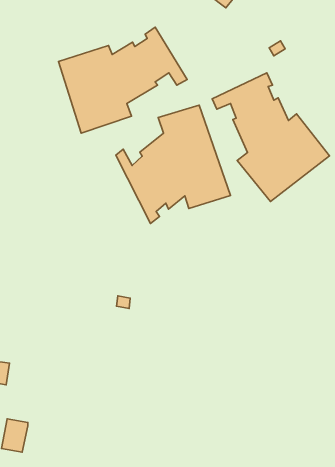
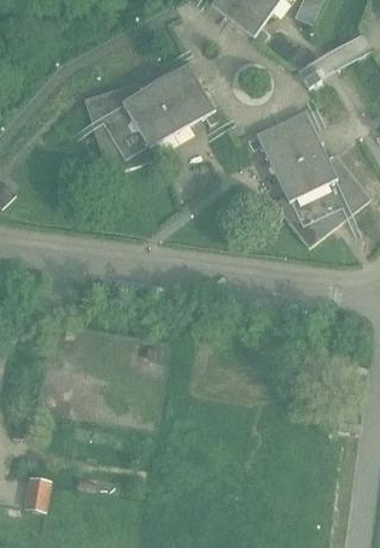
building: [116,105,230,224] -> none

